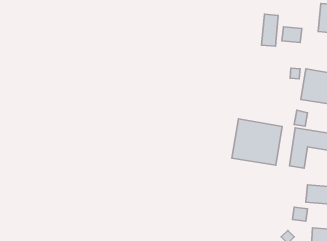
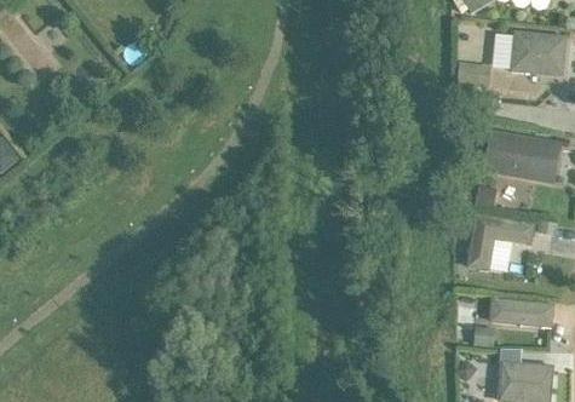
building: [262,14,278,46] -> none
building: [232,119,282,165] -> none

